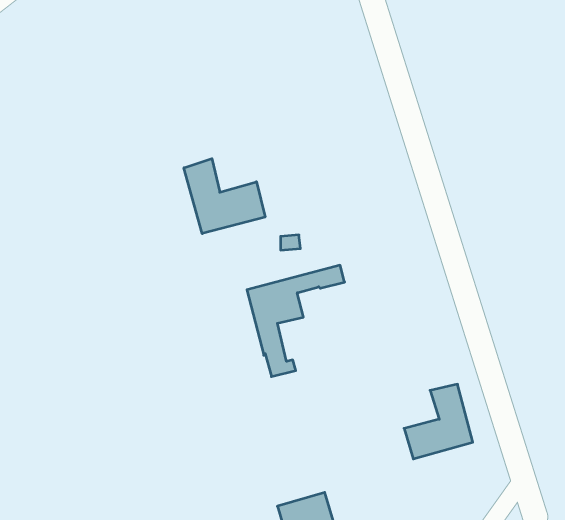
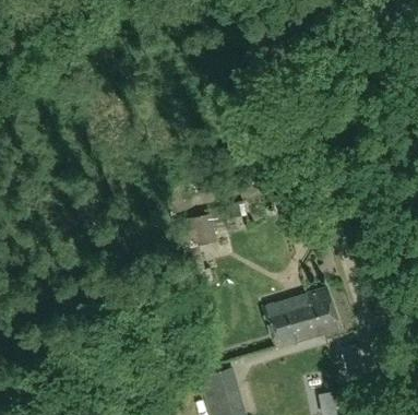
building: [184,159,265,234] -> none
building: none -> [264,293,315,347]

